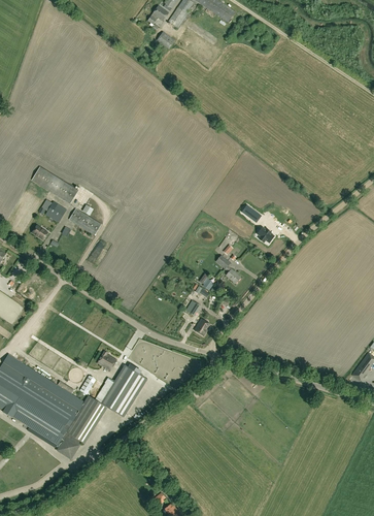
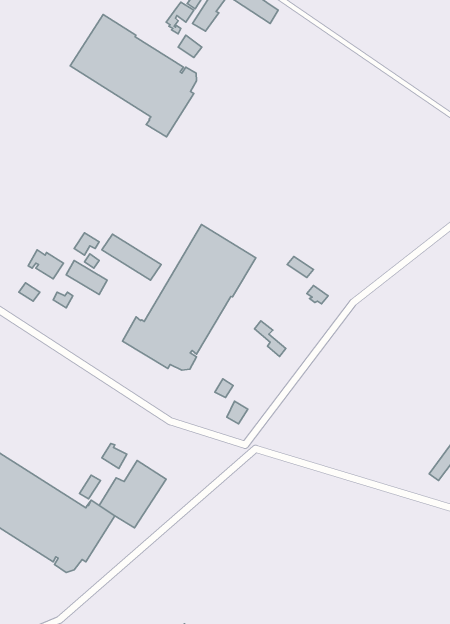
building: none -> [70,15,196,137]
building: [32,167,78,203] -> [102,234,161,280]
building: none -> [122,225,256,370]

